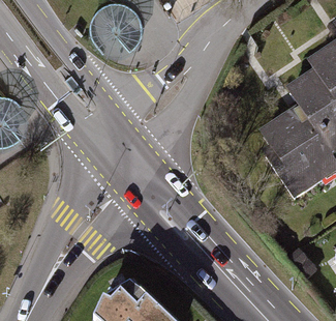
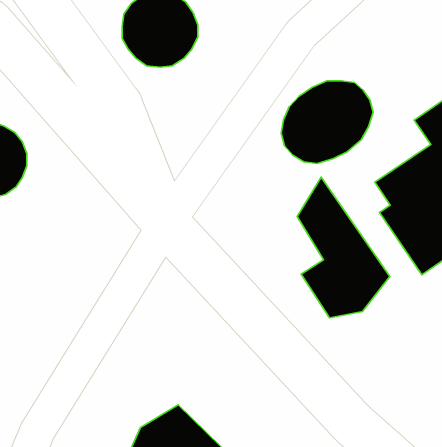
building: none -> [281,81,373,163]
building: none -> [297,177,390,318]

